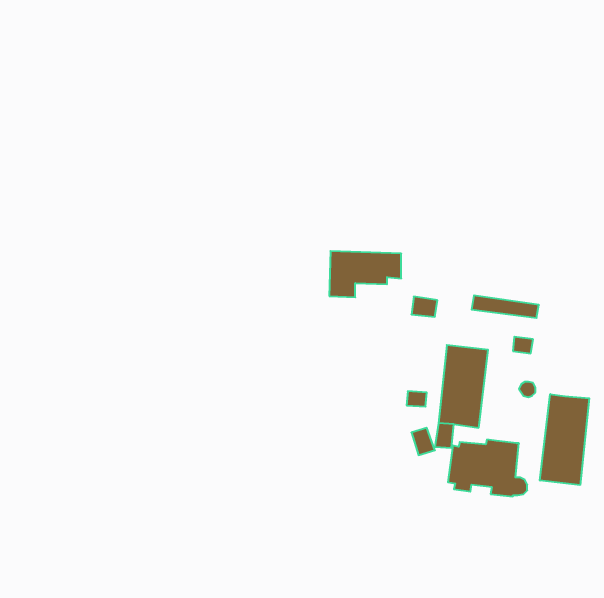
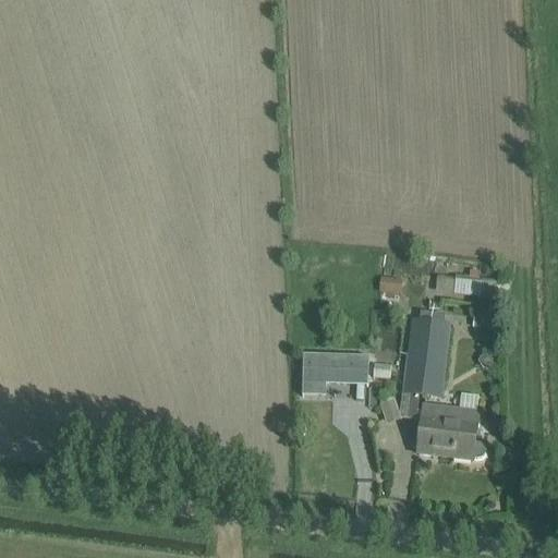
building: [329,251,401,297] -> [302,352,368,395]
building: [540,394,589,485] -> none

